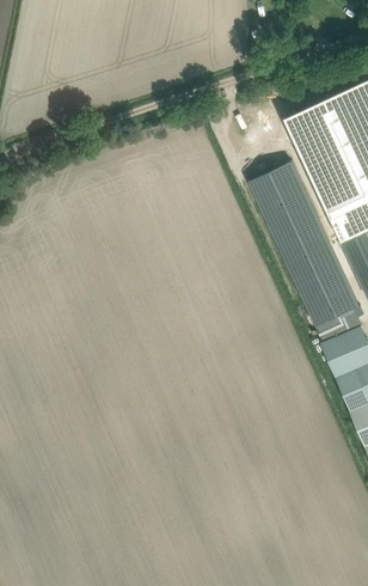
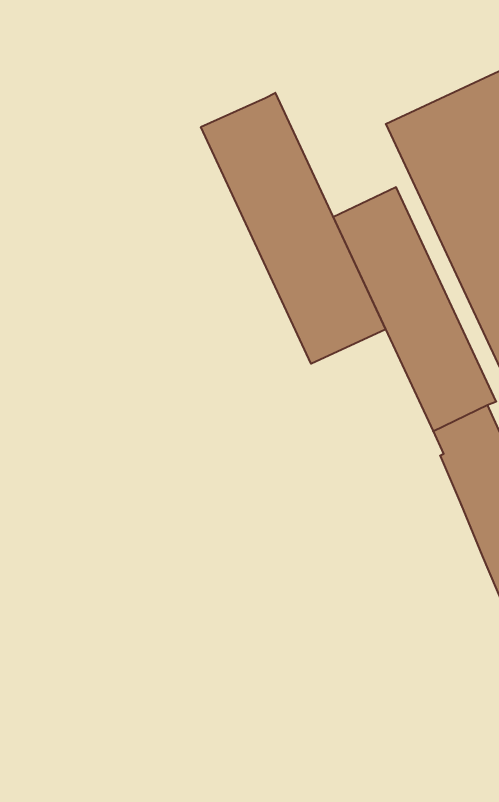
building: none -> [201,93,385,364]

